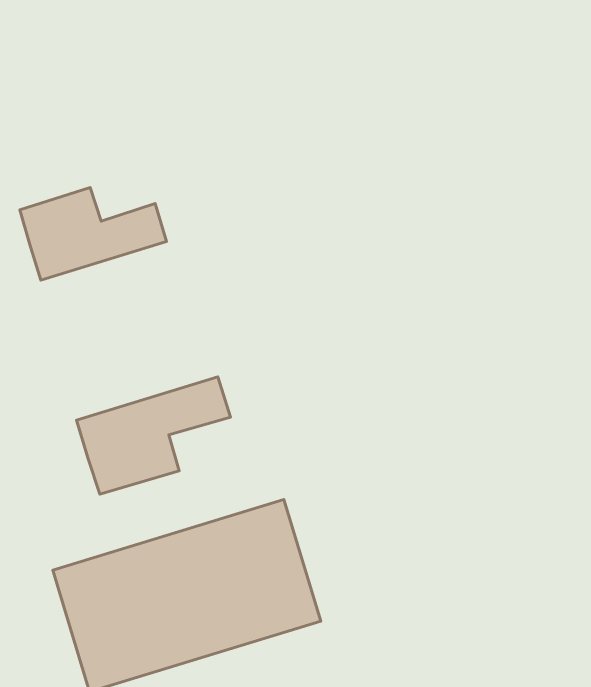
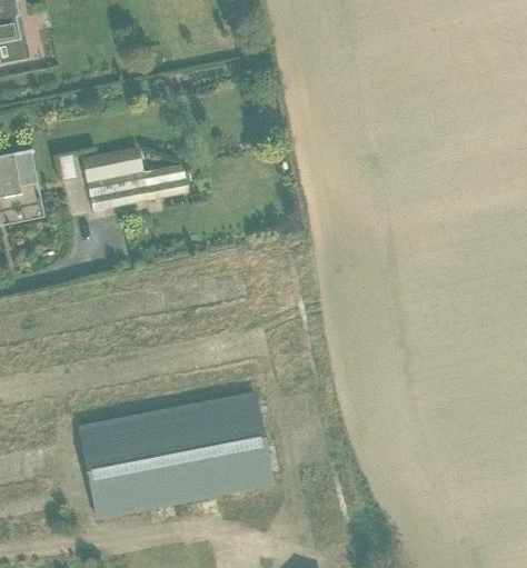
building: [76,377,230,494] -> none

